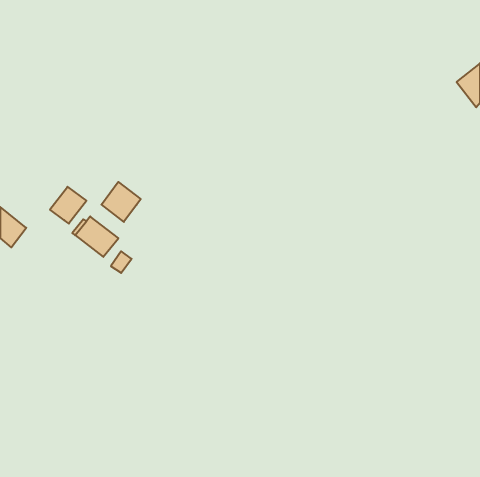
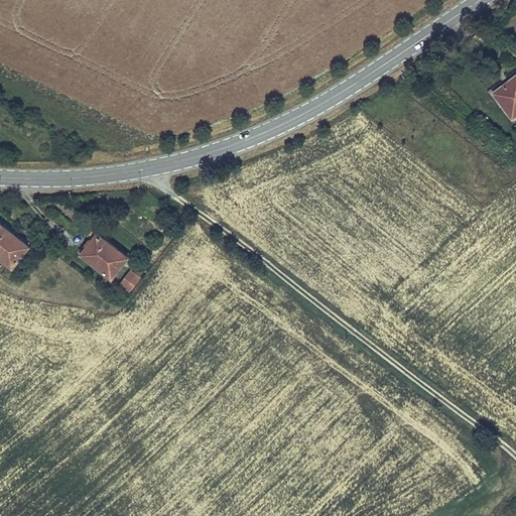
building: [101,182,141,222] -> none
building: [50,187,86,224] -> none

